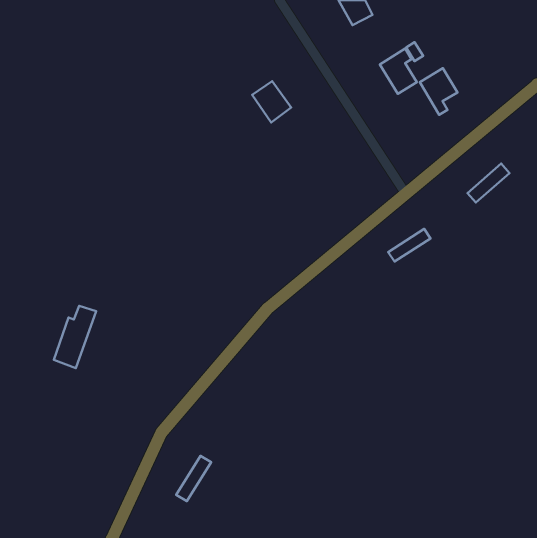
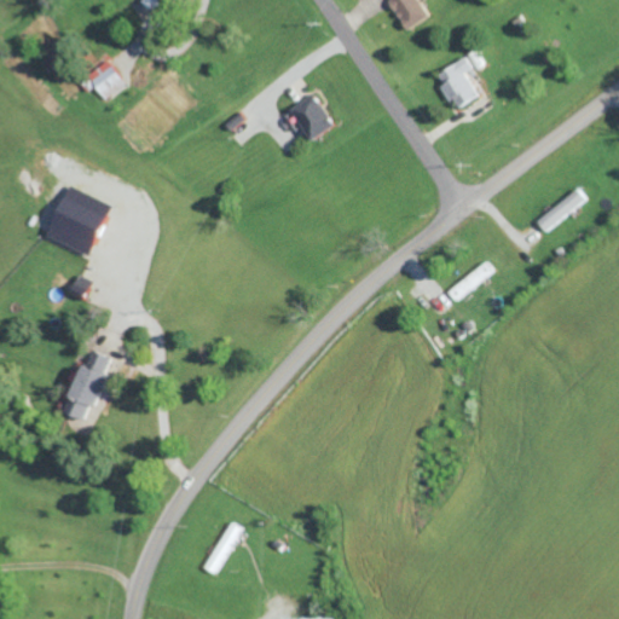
building: none -> [86,62,121,98]
building: [420,68,457,115] -> none
building: none -> [45,186,108,254]

